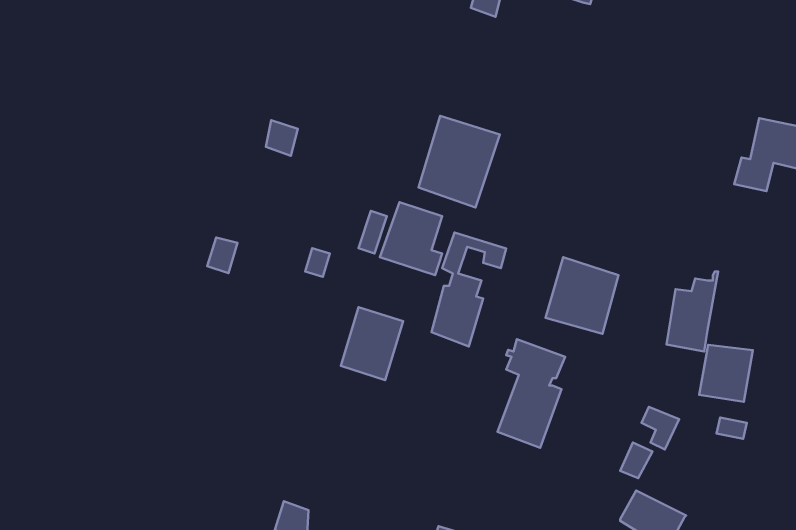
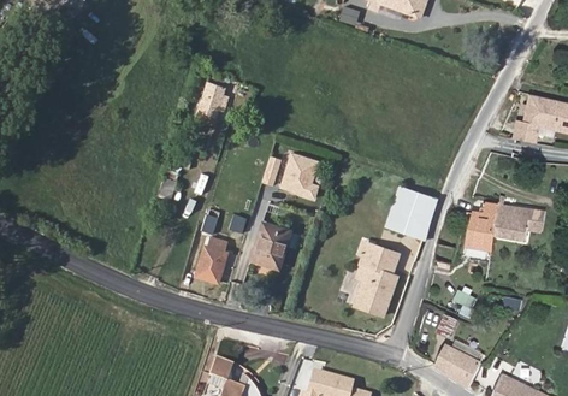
building: [419,116,500,207] -> none
building: [431,232,506,346] -> [195,207,245,284]
building: [699,345,753,402] -> [497,203,533,242]

